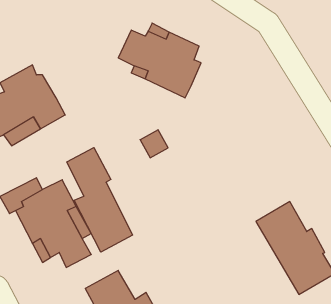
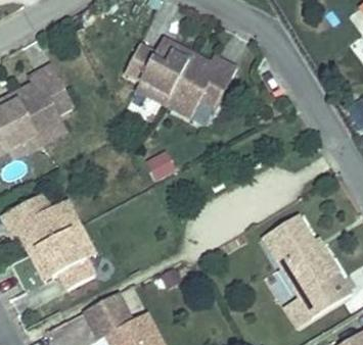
building: none -> [196,56,233,111]
building: none -> [30,64,73,115]
building: [67,148,133,252] -> none

